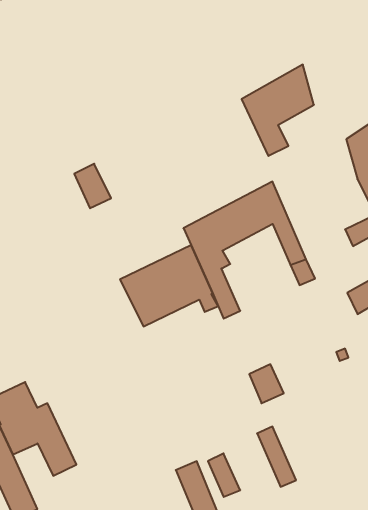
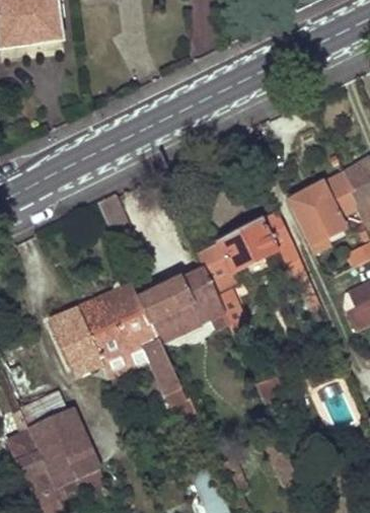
building: [242,65,314,156] -> [289,170,355,253]
building: none -> [48,284,196,418]
building: none -> [42,447,78,487]

